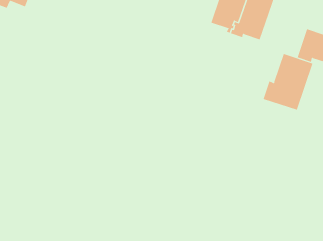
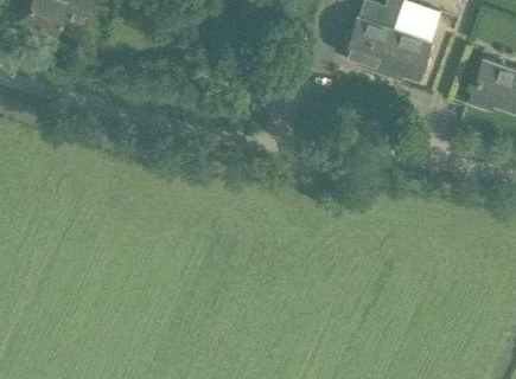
building: [263,53,313,110] -> none

